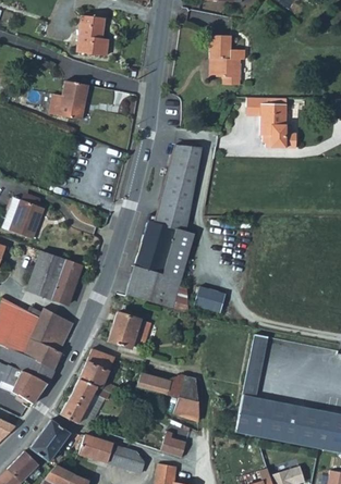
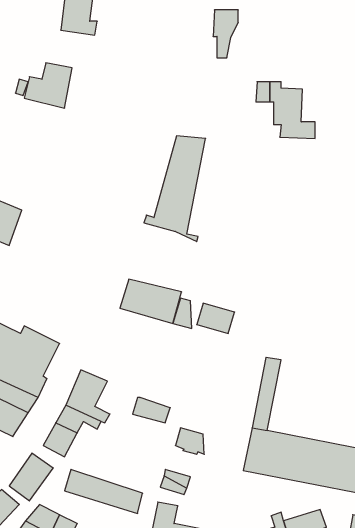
building: [220,46,243,84] -> none
building: [135,219,194,278] -> none
building: [28,250,83,303] -> none
building: [109,310,142,347] -> none
building: [167,373,199,401] -> none

